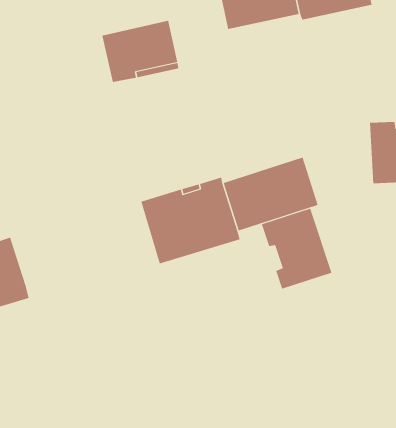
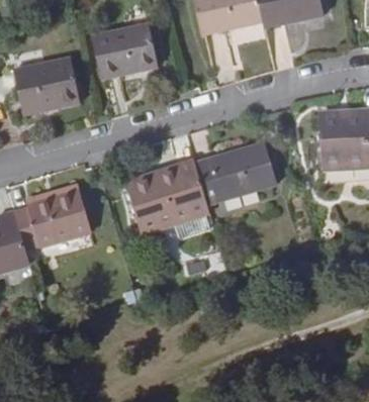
building: none -> [9,58,78,118]
building: [261,208,332,289] -> none
building: none -> [14,191,91,252]

